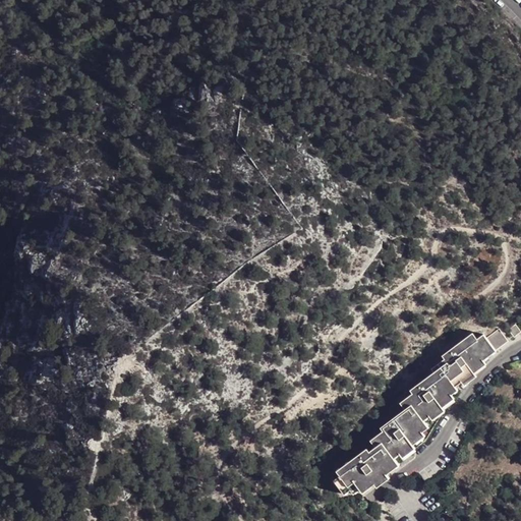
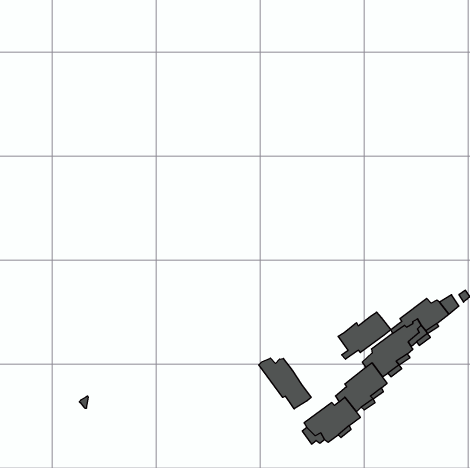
building: none -> [338,312,391,359]
building: none -> [259,358,311,409]

